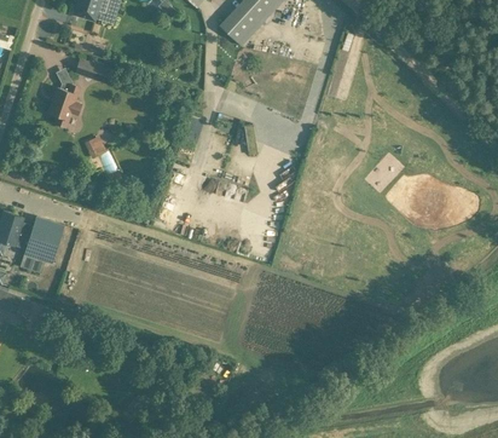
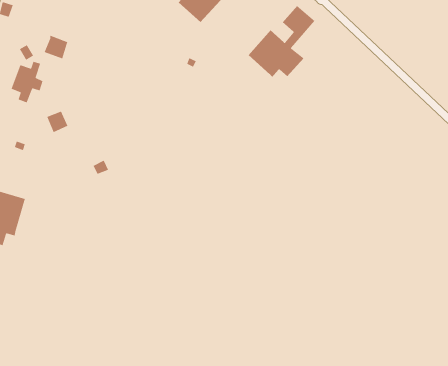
building: none -> [248,5,315,78]

